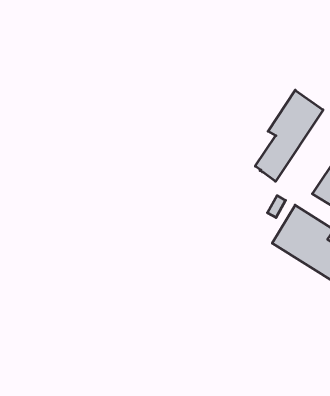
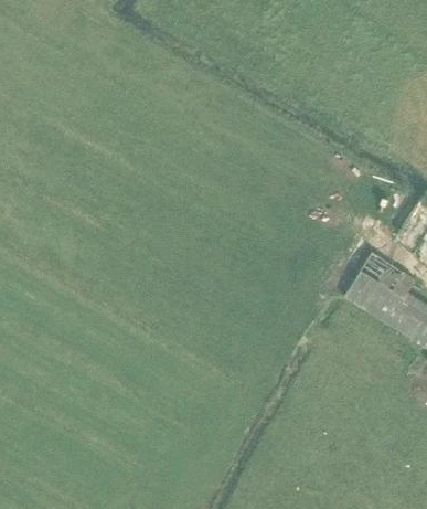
building: [255,90,323,181] -> none

